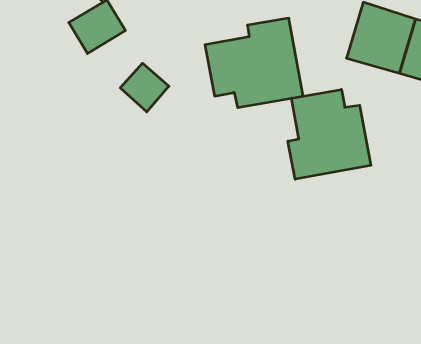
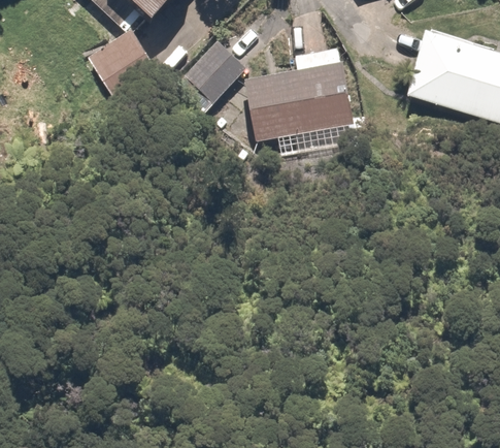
building: [120,63,169,112] -> [184,37,240,94]
building: [288,89,371,179] -> none

